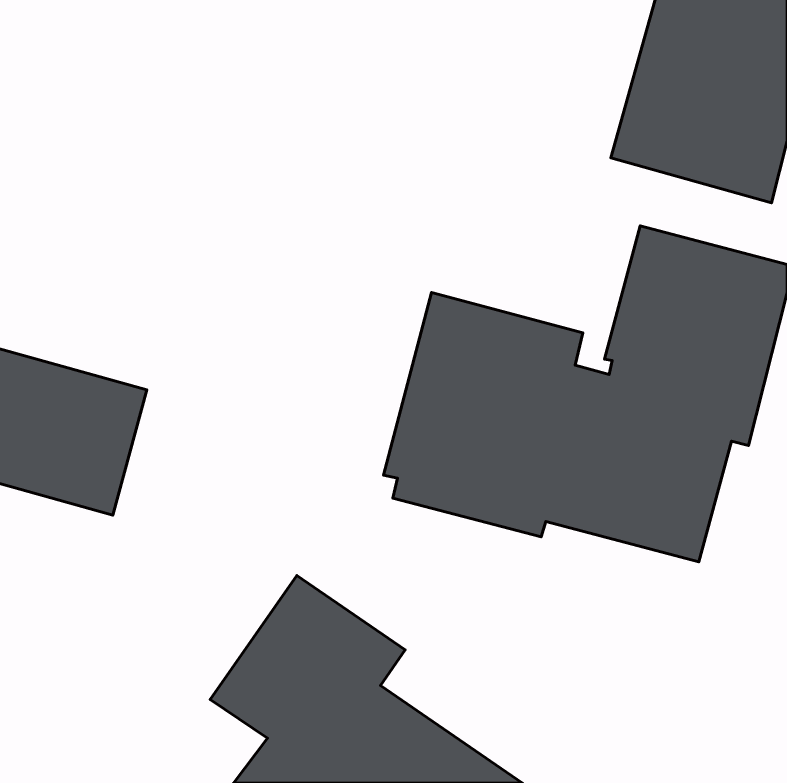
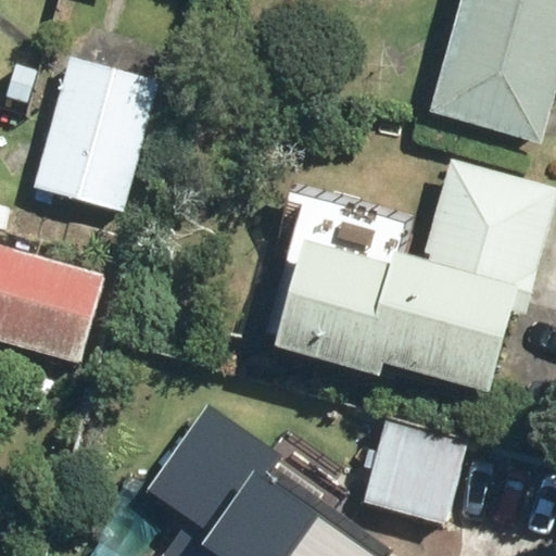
building: none -> [35,56,151,208]
building: none -> [364,416,468,522]

